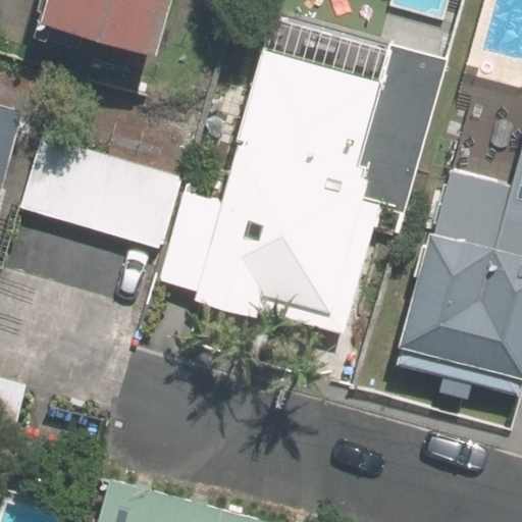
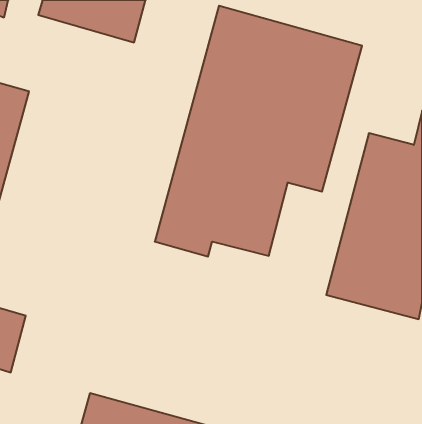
building: [17,136,177,248] -> none

